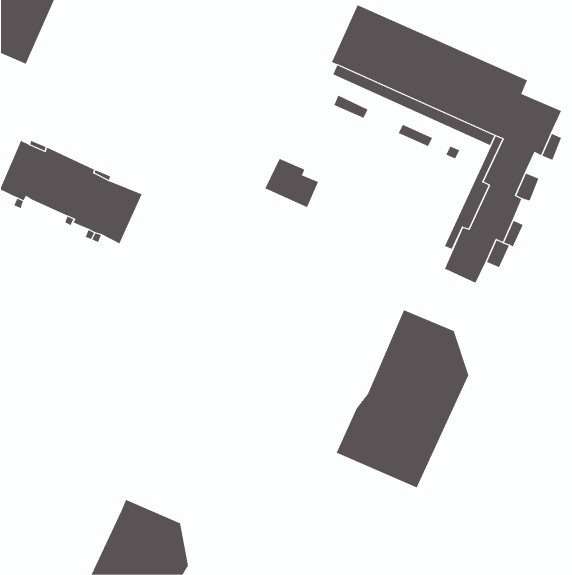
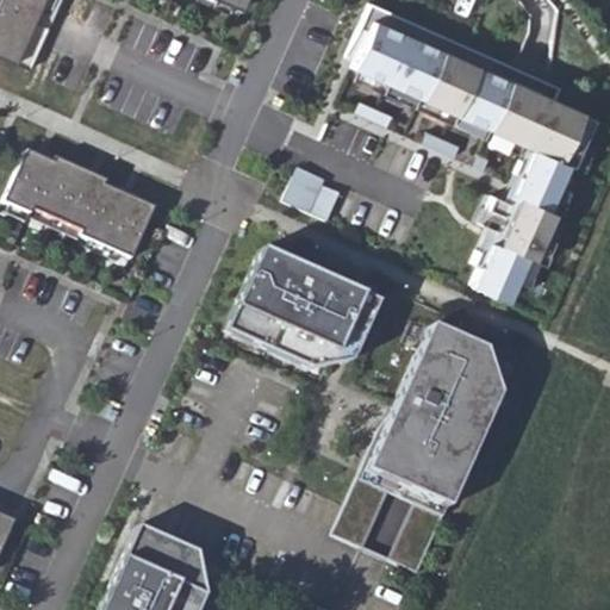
building: none -> [229,249,379,367]
building: none -> [337,478,446,571]

